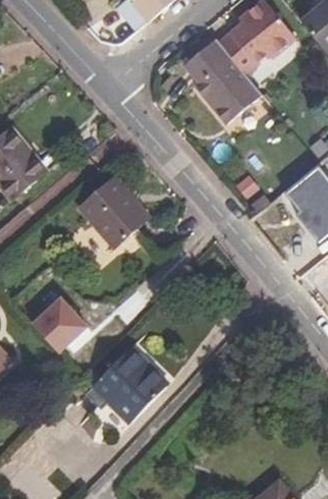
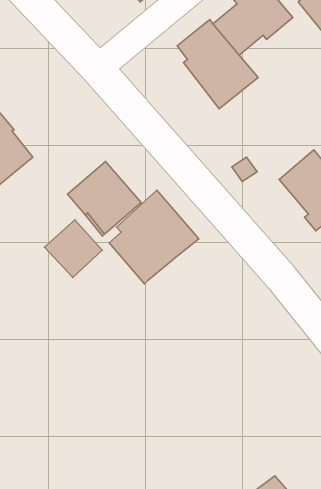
building: none -> [109,190,199,284]
building: [31,296,87,352] -> [44,220,102,278]
building: [90,345,169,425] -> none

